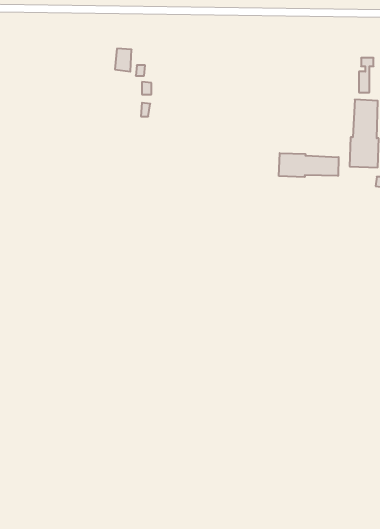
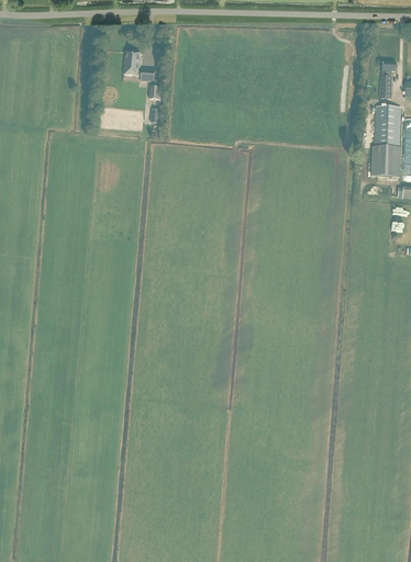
building: [279,153,339,177] -> none

